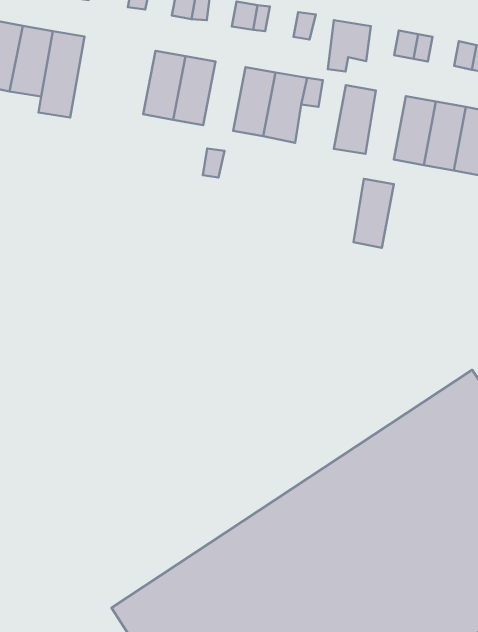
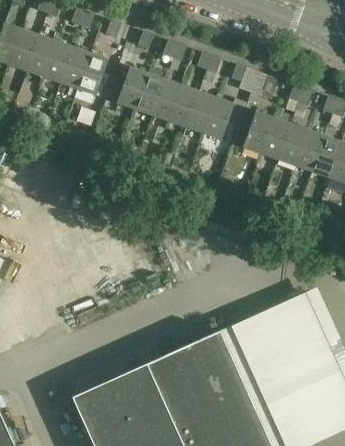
building: none -> [119,68,150,110]
building: none -> [171,86,201,128]
building: [353,179,394,248] -> [263,118,292,160]

